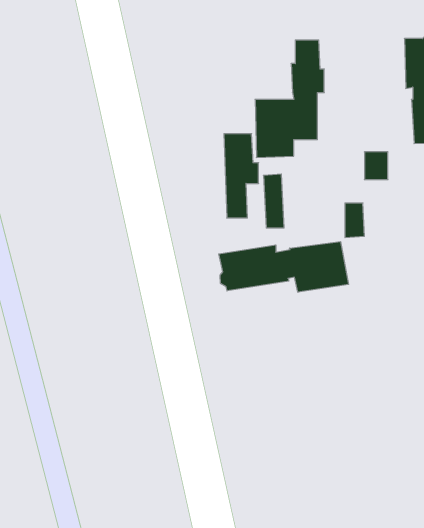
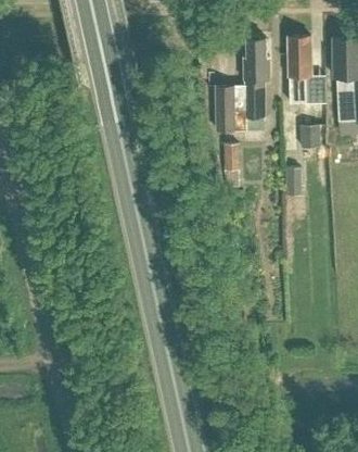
building: [224,134,259,218] -> [289,36,316,102]
building: [219,242,349,292] -> none

